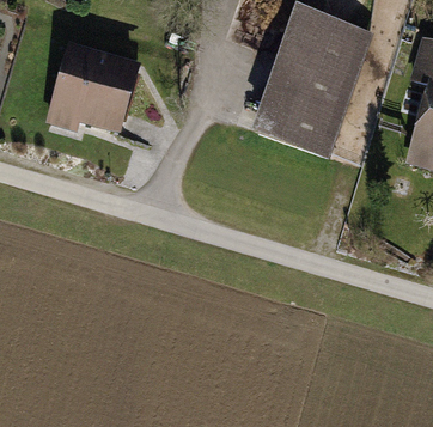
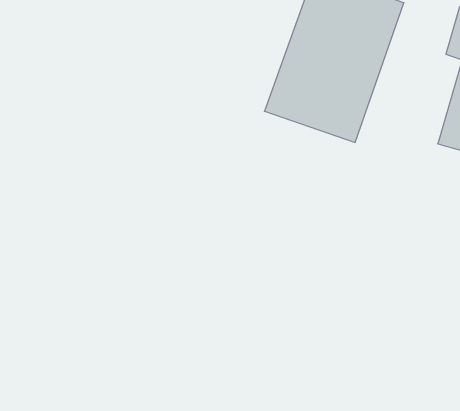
building: [47,39,139,130] -> none

